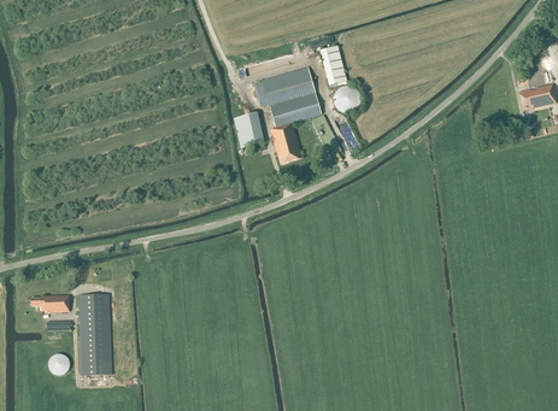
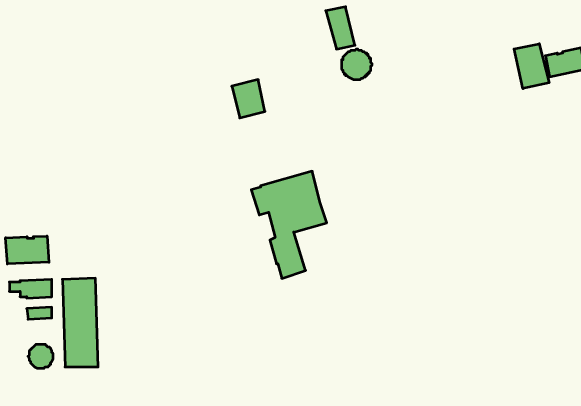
building: [253,66,322,164] -> [251,171,327,278]
building: none -> [514,44,549,89]
building: none -> [6,236,49,264]

